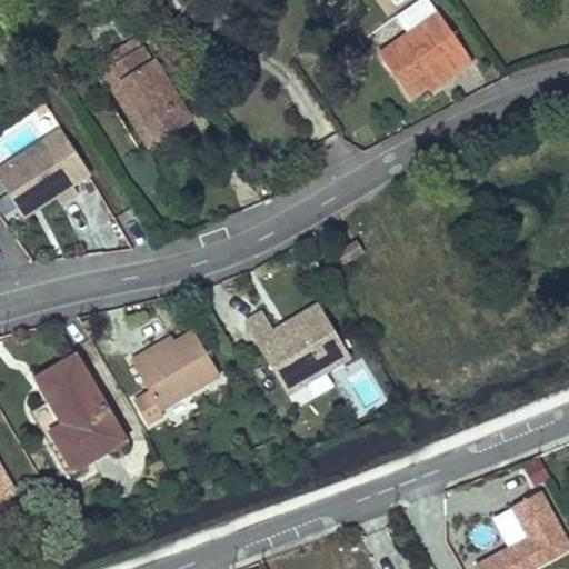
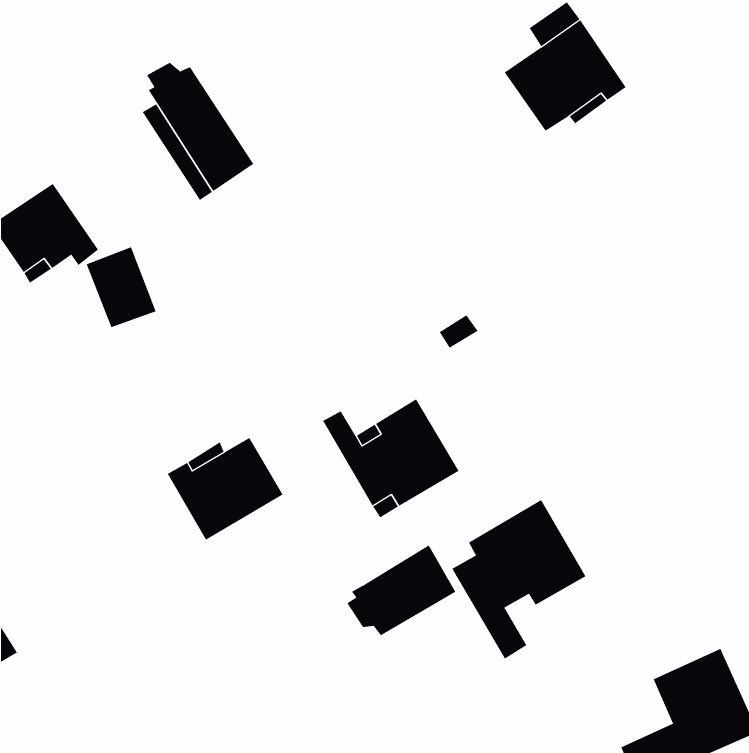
building: [29,355,123,473] -> none
building: none -> [452,499,586,659]
building: none -> [347,544,456,636]

